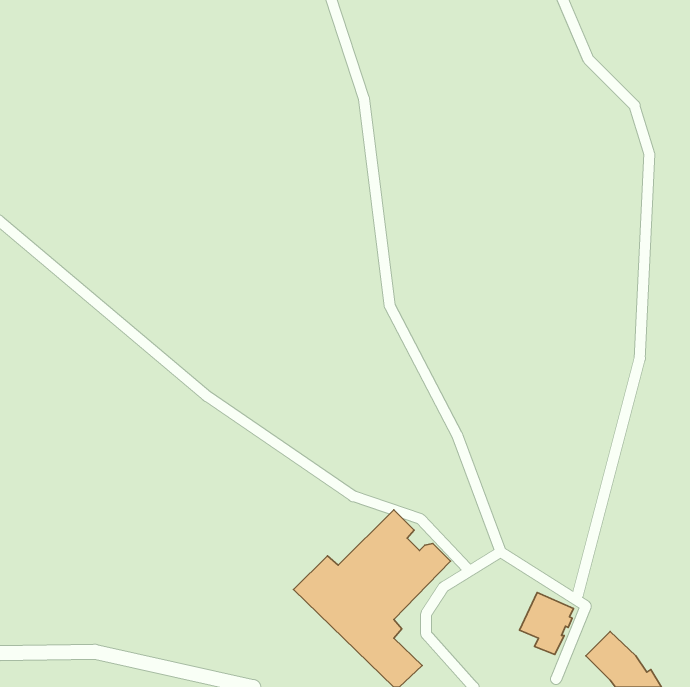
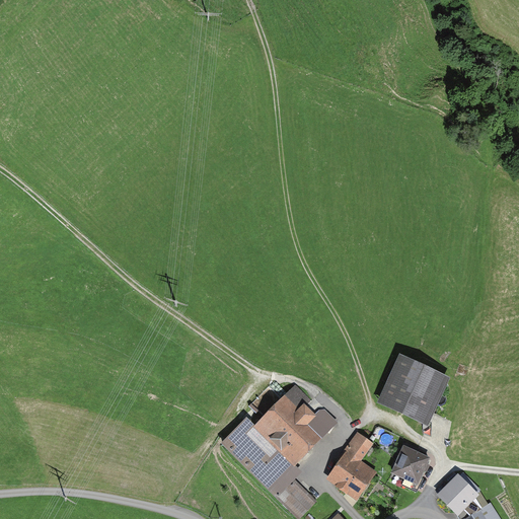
building: none -> [376,353,450,426]
building: none -> [325,430,376,500]

